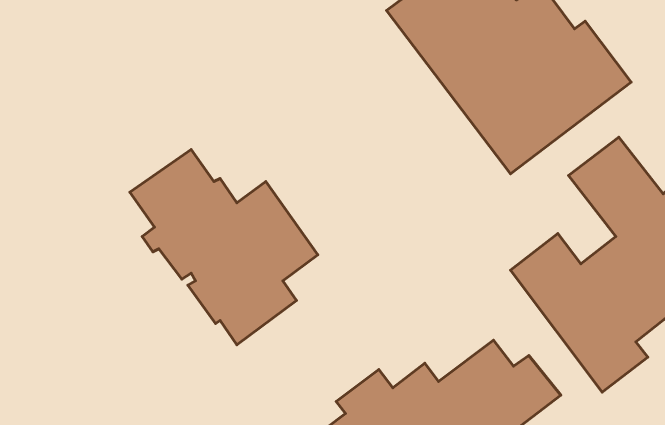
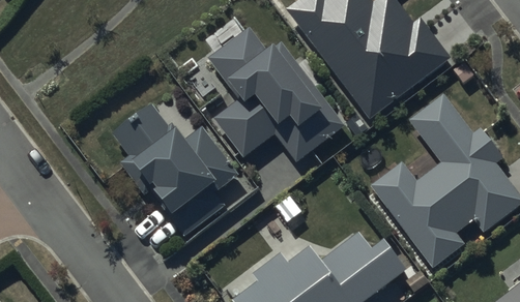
building: none -> [208,26,344,160]

